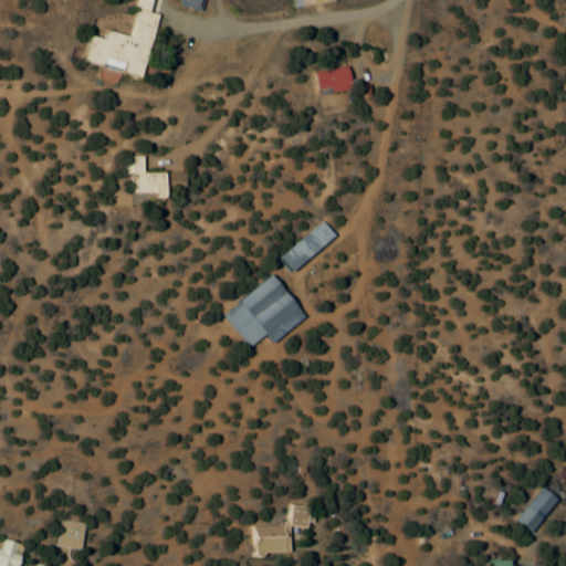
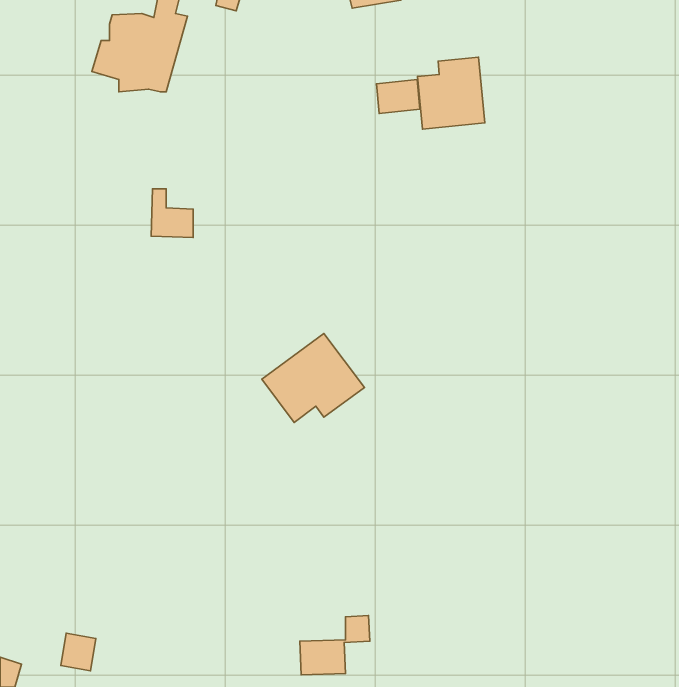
building: none -> [417,57,485,129]
building: [280,221,337,268] -> none
building: [518,486,560,532] -> none

